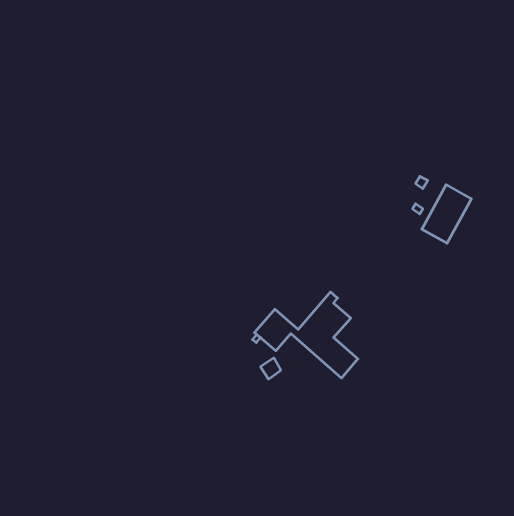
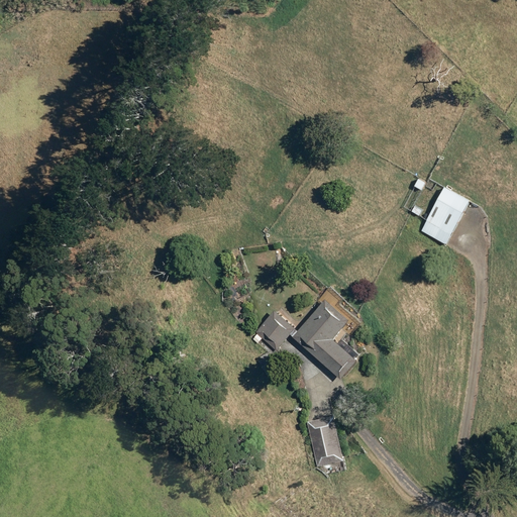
building: none -> [306,415,345,467]

